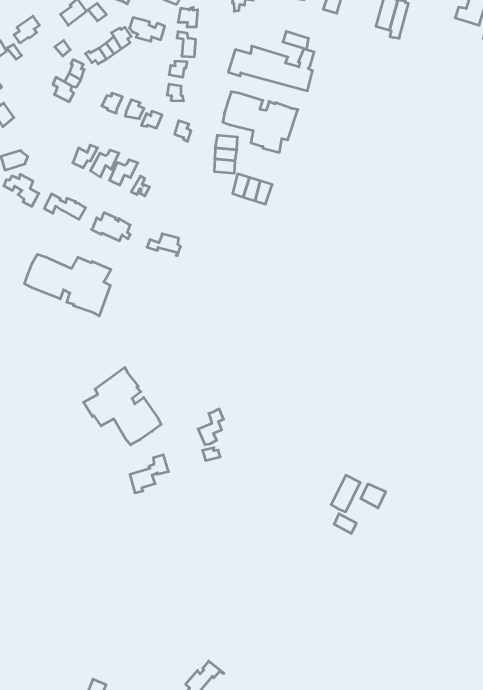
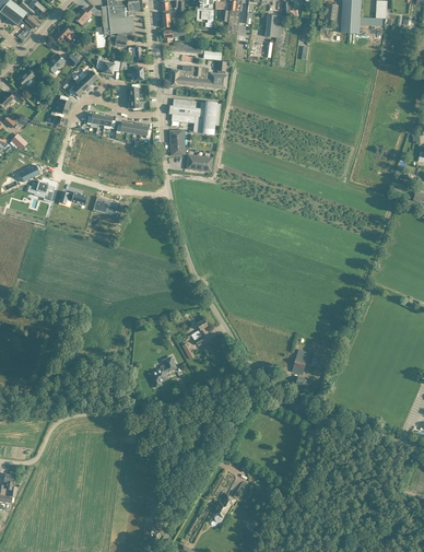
building: [25,254,111,316] -> none
building: [83,367,161,445] -> none

